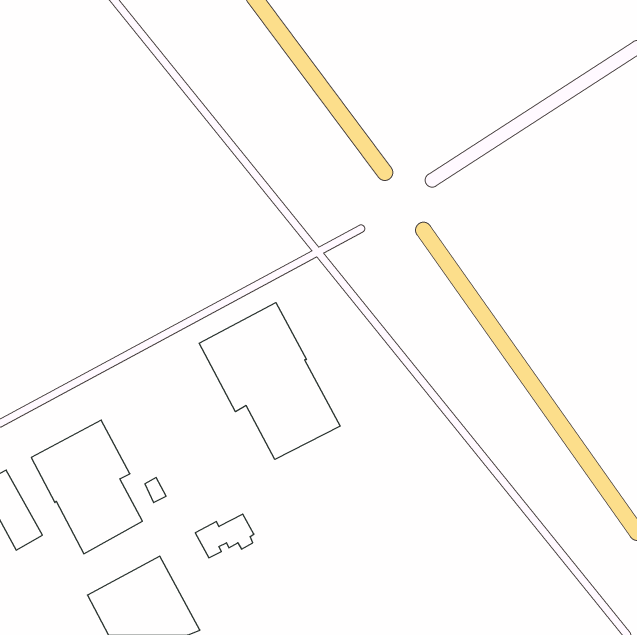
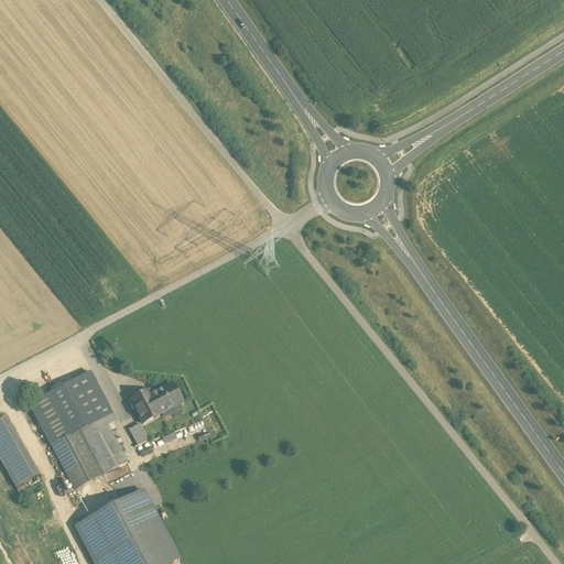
building: [199,303,340,459] -> none
building: [195,514,254,558] -> [129,382,181,421]

